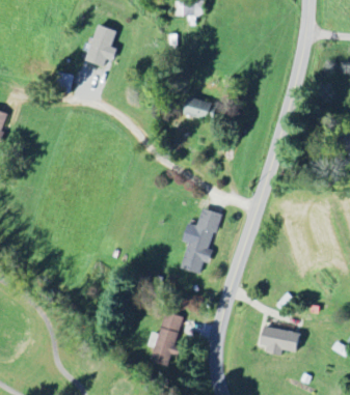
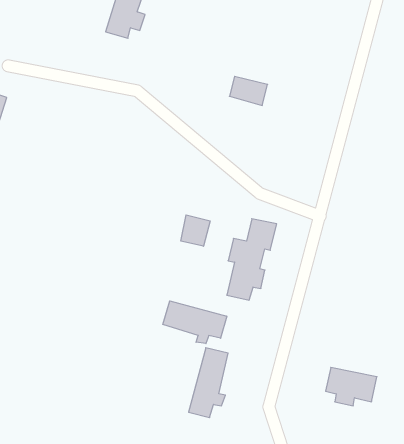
building: none -> [181,215,210,246]
building: none -> [163,301,227,344]

